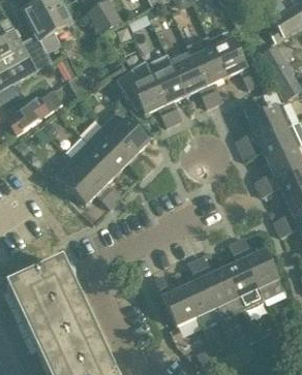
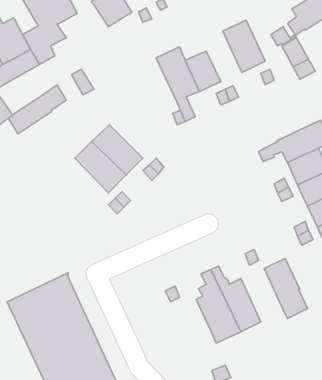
building: [188,34,226,84] -> none
building: [118,64,167,113] -> none
building: [237,98,293,149] -> none
building: [103,107,151,155] -> none
building: [55,155,102,204] -> none
building: [225,257,266,307] -> none
building: [163,286,198,324] -> none

